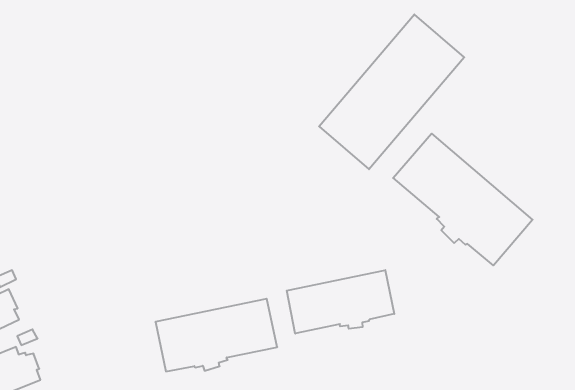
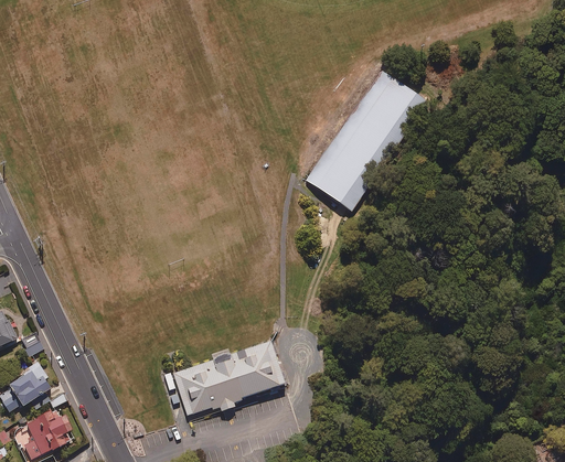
building: [393,134,533,265] -> none
building: [287,270,394,334] -> none

